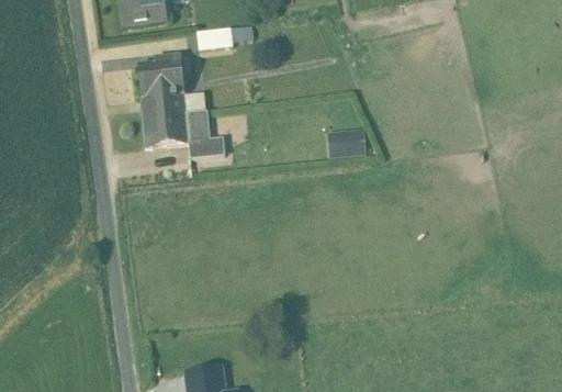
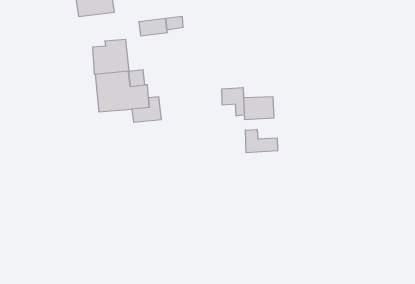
building: none -> [222,87,244,116]
building: none -> [245,129,277,153]

